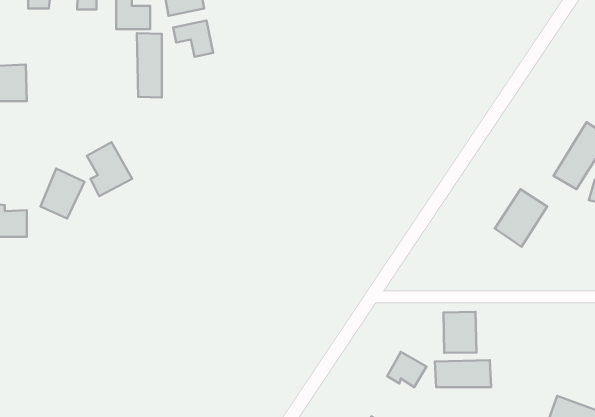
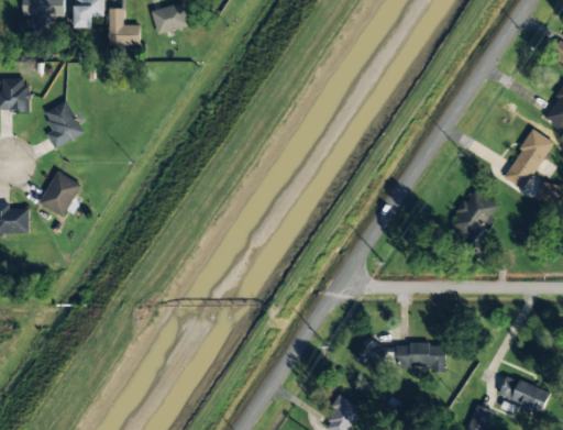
building: [173,21,213,57] -> none
building: [137,33,162,98] -> none
building: [87,142,132,196] -> [44,100,85,148]
building: [443,312,476,353] -> none

